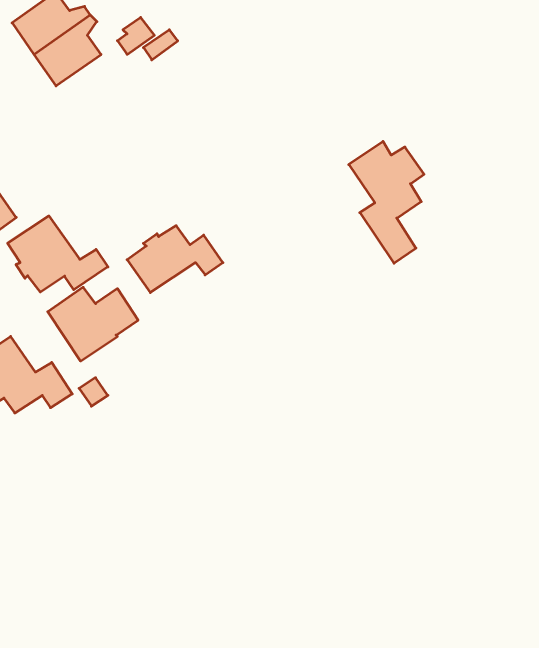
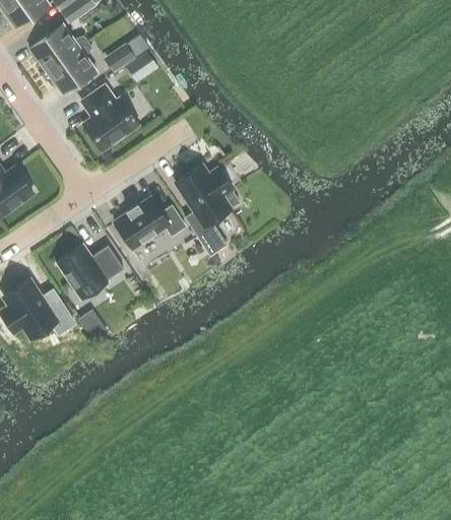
building: none -> [82,85,138,149]
building: [349,141,424,263] -> [177,165,233,255]
building: [8,216,108,292] -> none

